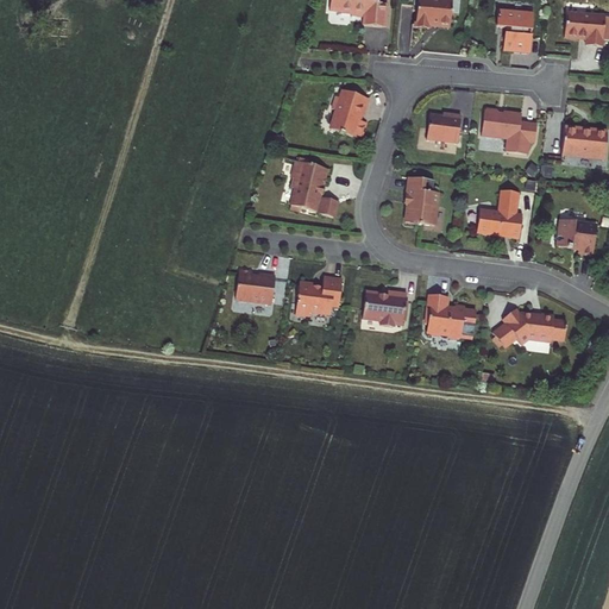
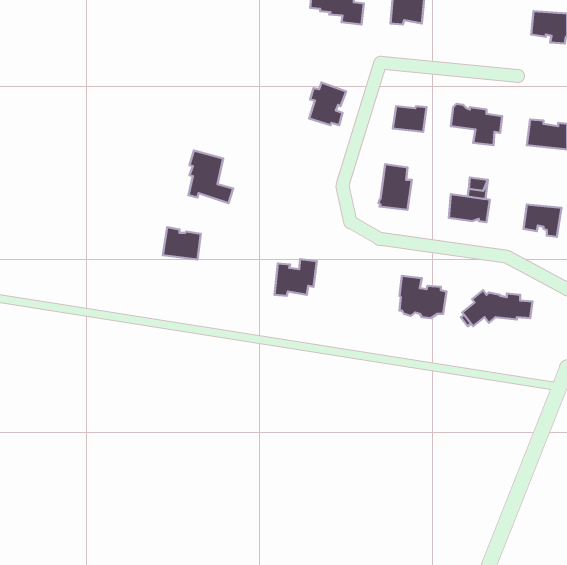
building: [497,8,534,52] -> none
building: [291,159,339,215] -> [188,151,233,203]
building: [234,268,275,302] -> [163,227,201,260]
building: [362,289,409,326] -> none

